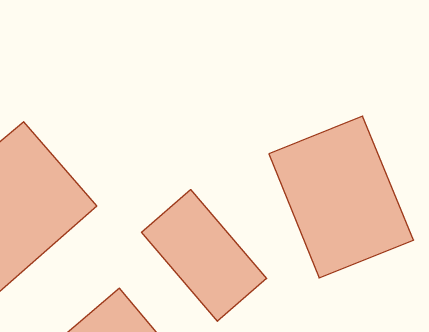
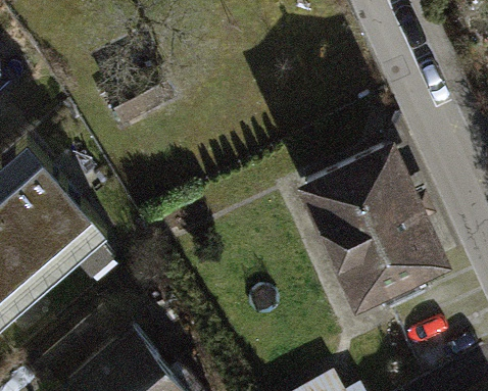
building: [142,190,267,321] -> none

